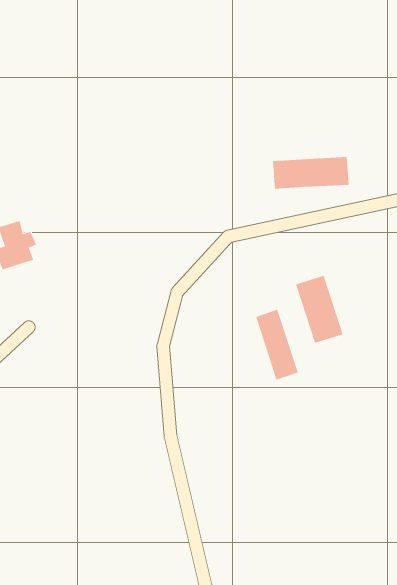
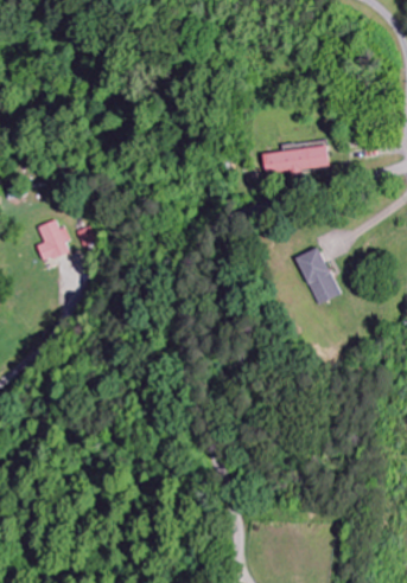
building: [255,309,298,380] -> none

